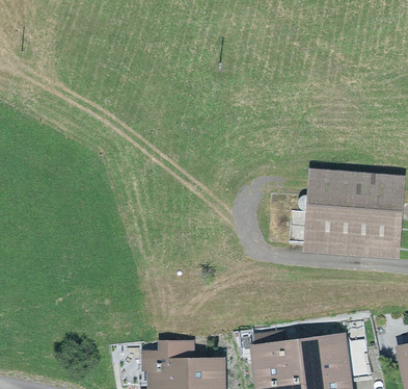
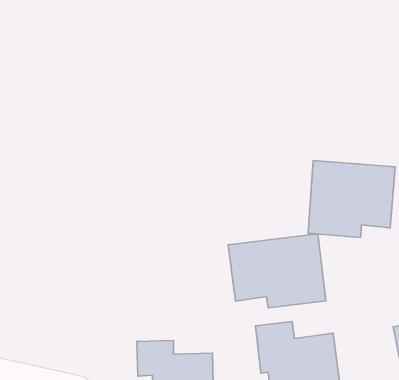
building: none -> [228,234,326,308]
building: [335,338,370,374] -> none

